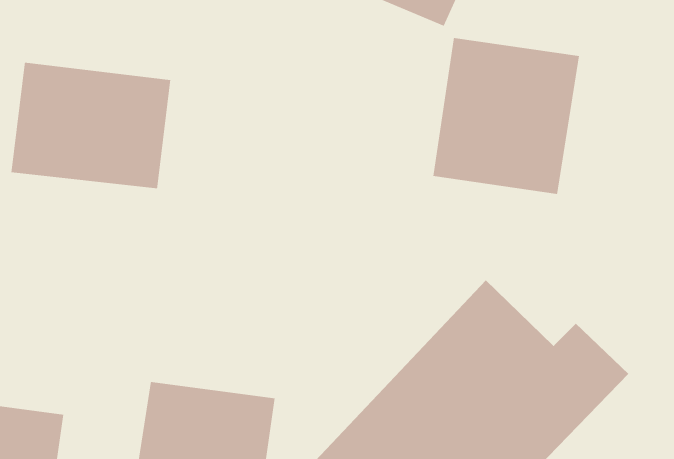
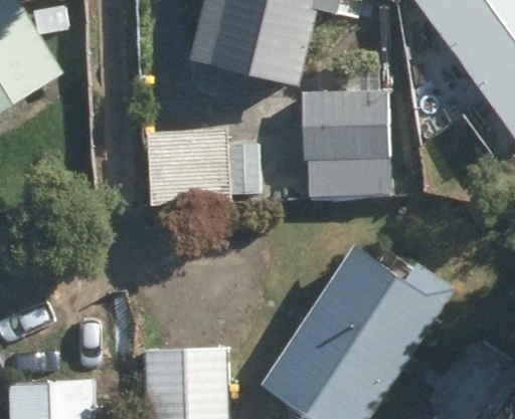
building: none -> [148,129,264,207]
building: [11,62,171,189] -> none

